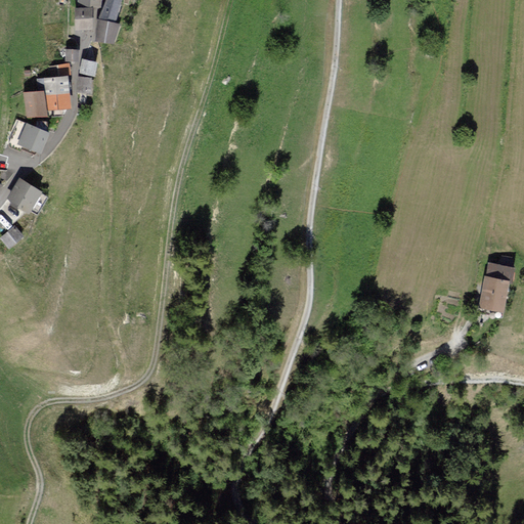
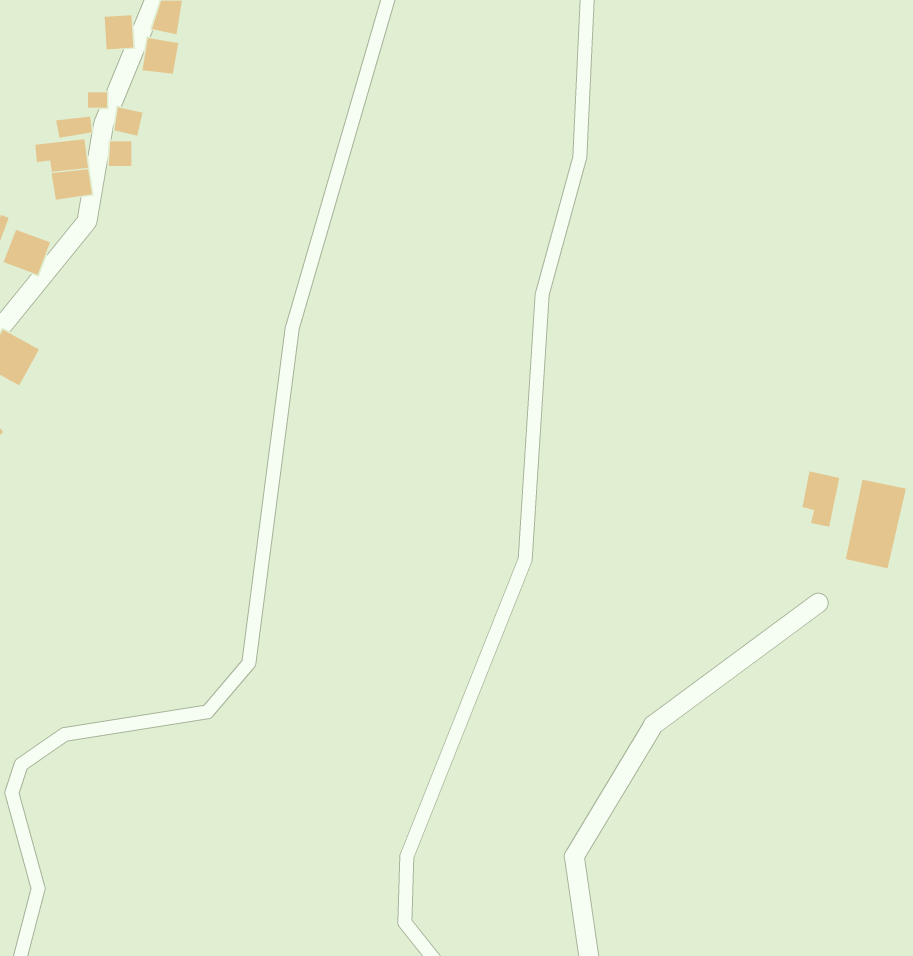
building: [25,92,46,117] -> none
building: none -> [802,470,840,527]

